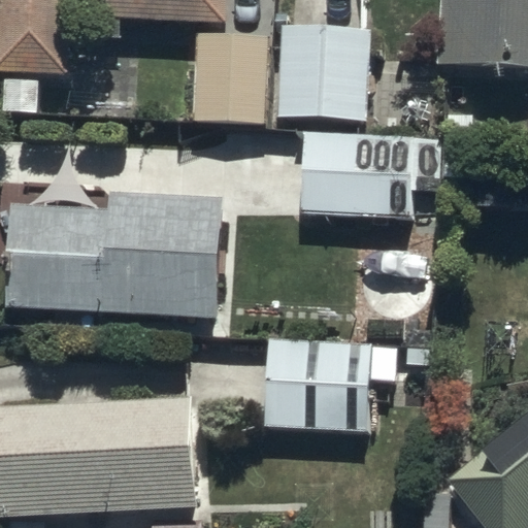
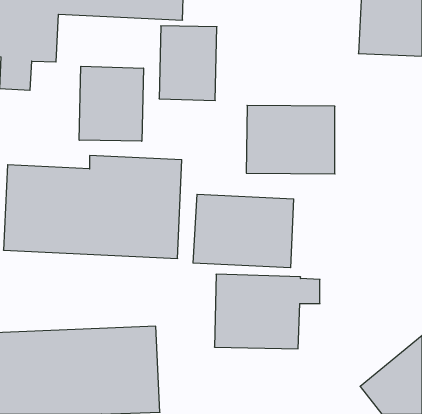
building: [275,24,370,119] -> none
building: none -> [79,66,143,141]
building: none -> [193,194,294,268]

